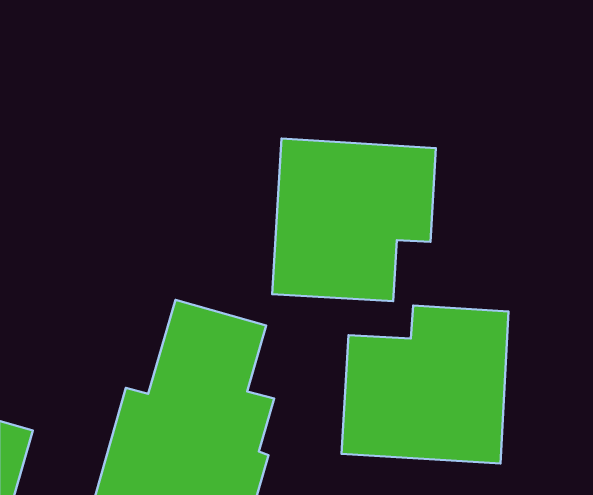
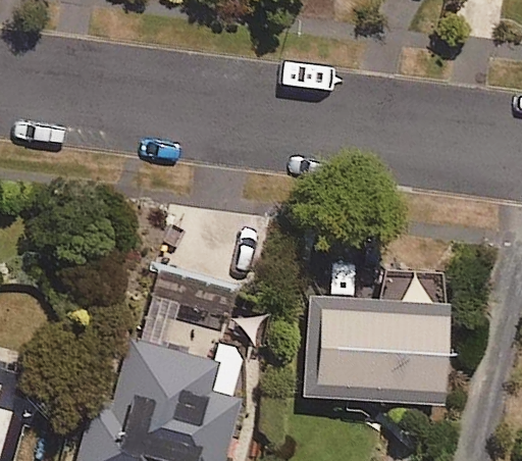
building: [272,138,436,301] -> none

